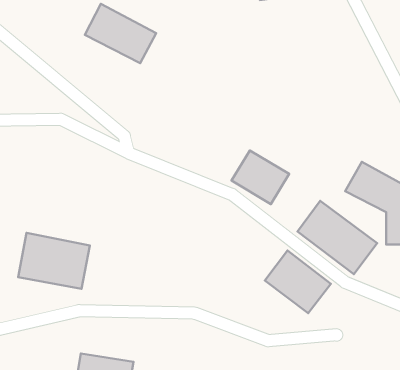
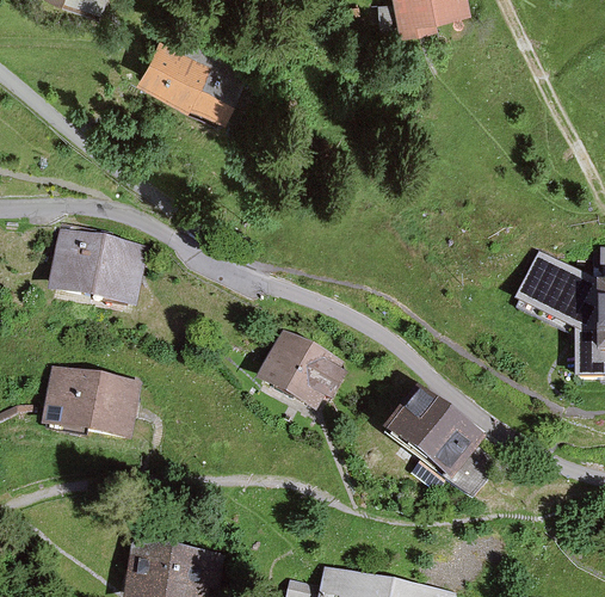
building: none -> [49,227,153,310]
building: [232,151,289,204] -> [263,327,345,404]
building: [297,201,377,274] -> none

